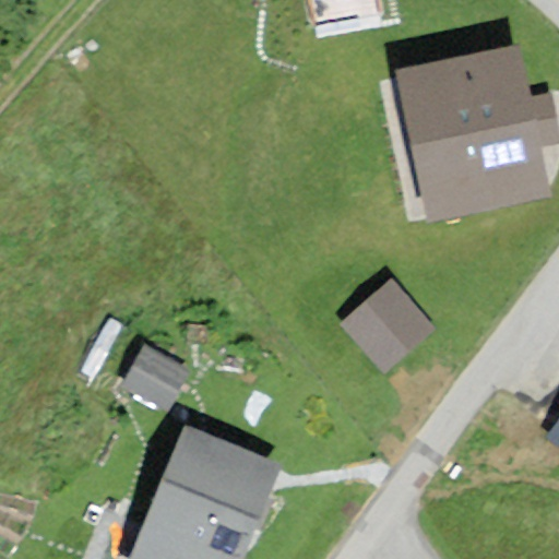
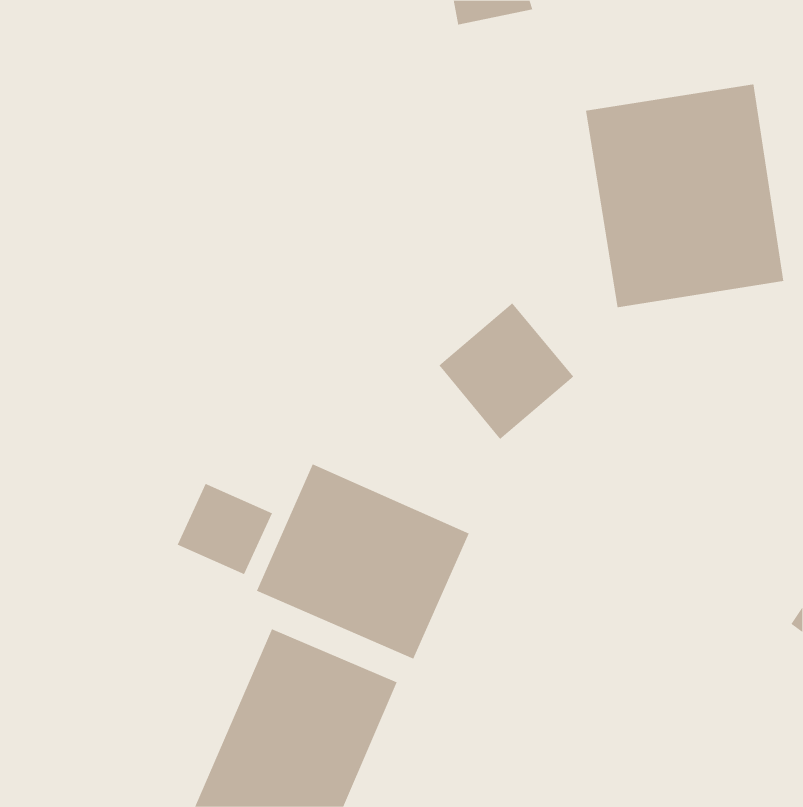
building: [340,280,433,374] -> [438,302,574,440]
building: none -> [256,464,470,660]

